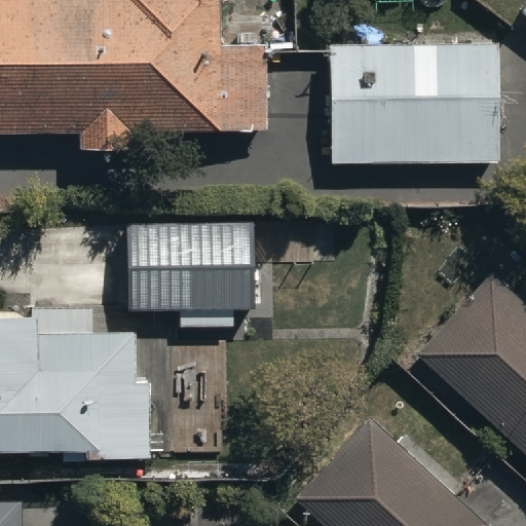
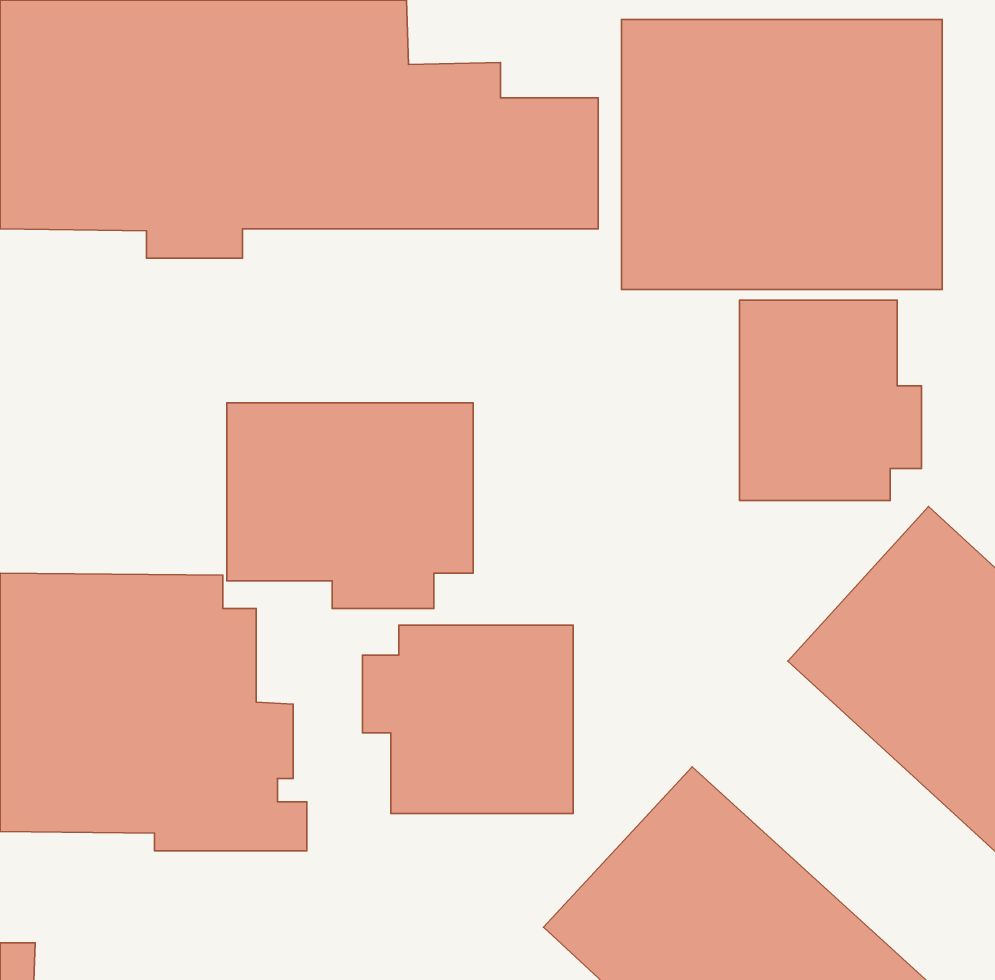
building: none -> [739,300,921,500]
building: none -> [363,625,573,814]

